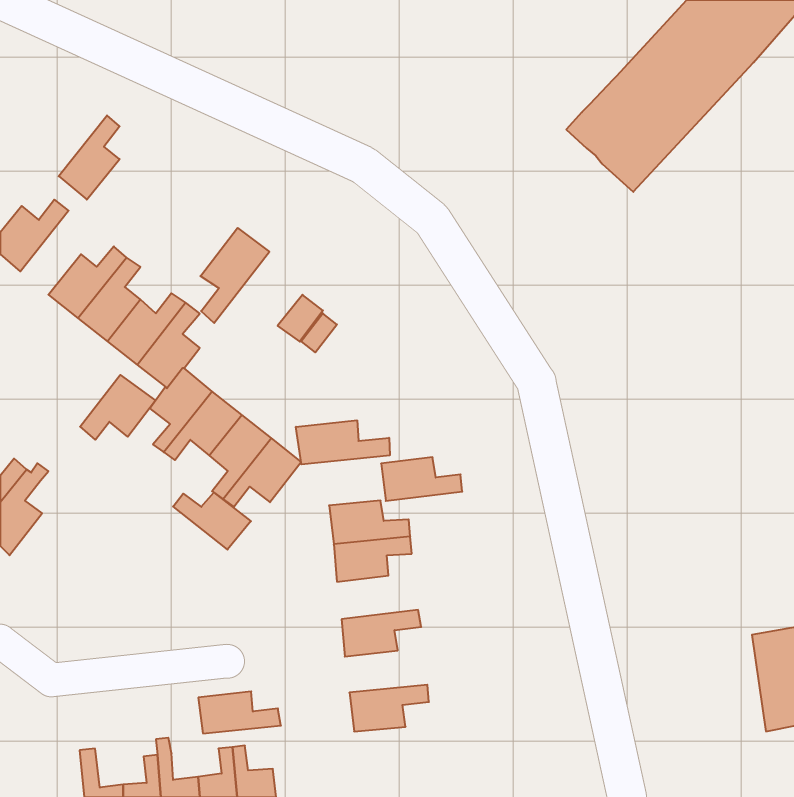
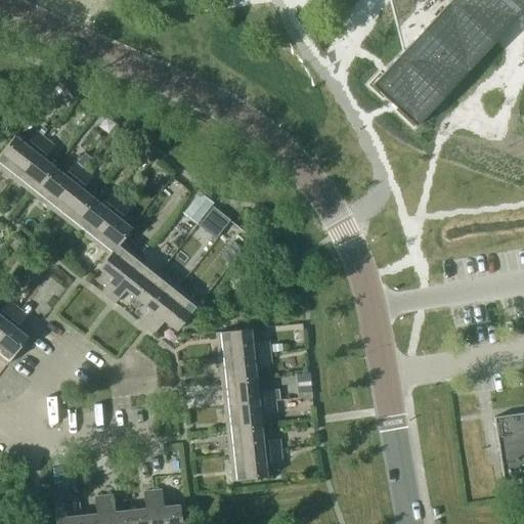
building: [59,115,120,200] -> [15,138,55,193]
building: [200,228,269,323] -> none
building: [80,375,155,440] -> none
building: [296,420,390,464] -> none
building: [381,457,462,501] -> [223,378,276,406]
building: [173,493,251,550] -> none
building: [198,691,281,733] -> [228,427,282,454]

